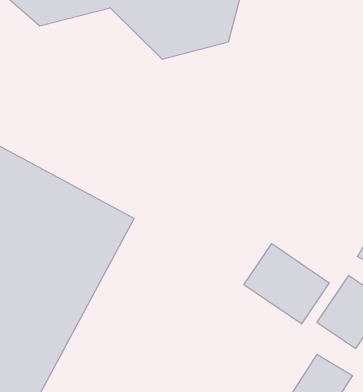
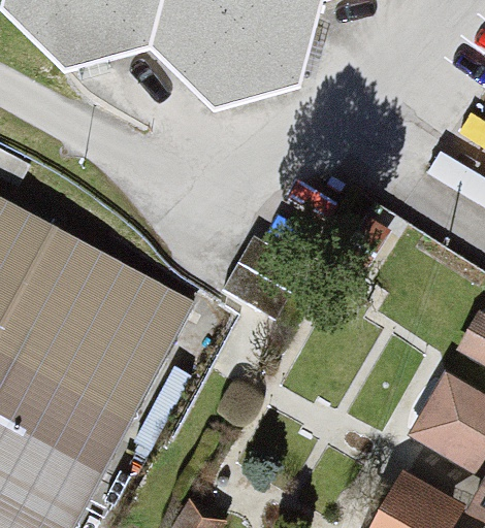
building: [244,244,329,324] -> none

